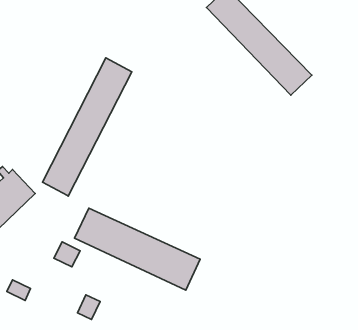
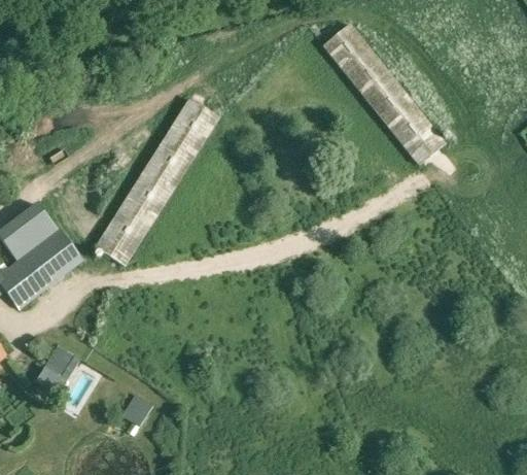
building: [75,208,200,290] -> none
building: [54,242,80,267] -> [45,345,79,378]

